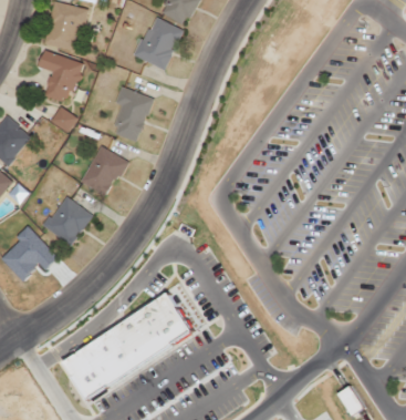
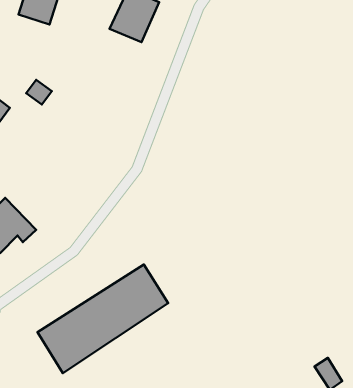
building: [37,50,81,104] -> none
building: [111,86,153,142] -> none
building: [79,146,126,196] -> none
building: [41,196,91,246] -> none

